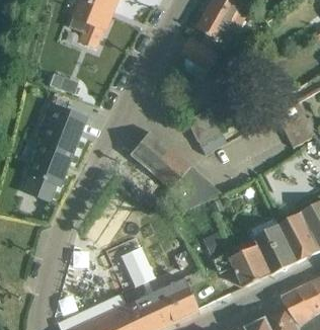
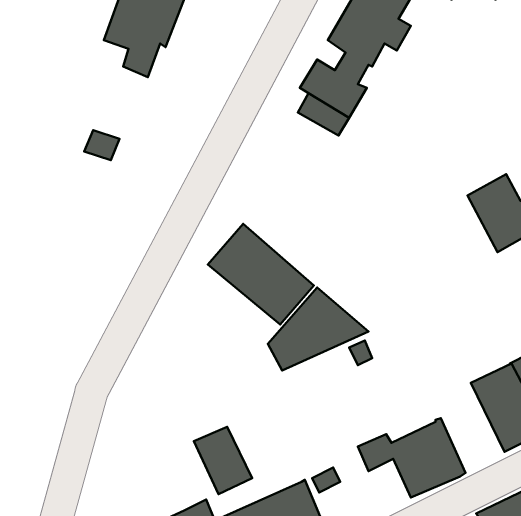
building: [24,103,84,200] -> none
building: [187,113,226,155] -> none
building: [250,217,298,274] -> none

